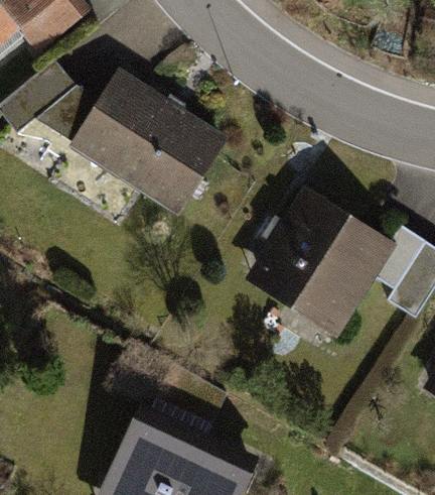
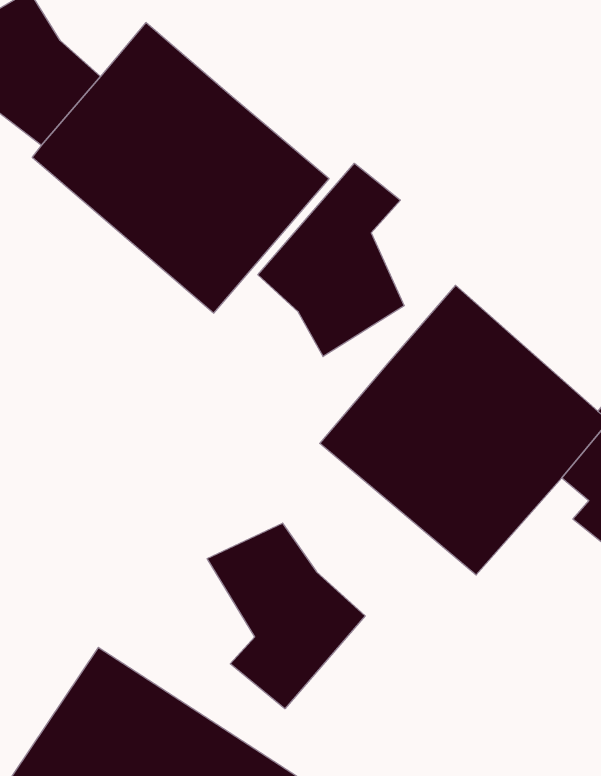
building: none -> [258,163,404,357]
building: none -> [207,523,365,709]

